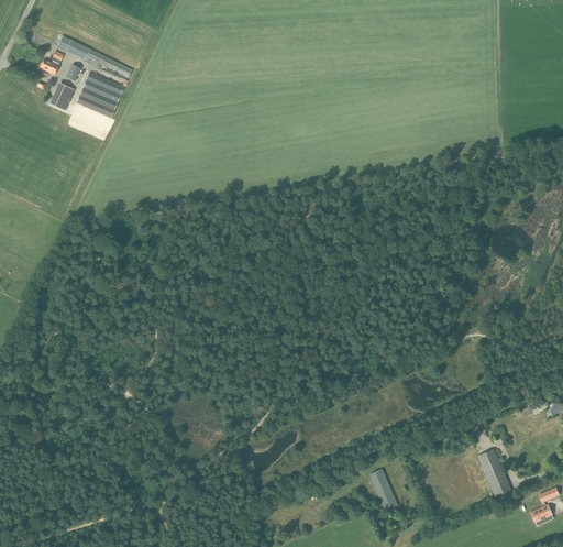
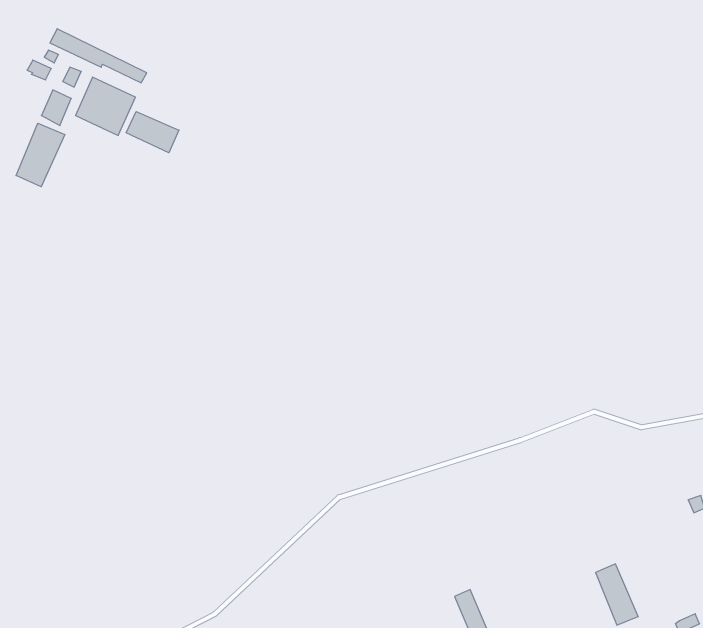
building: none -> [126,112,179,153]
building: none -> [16,123,65,187]

